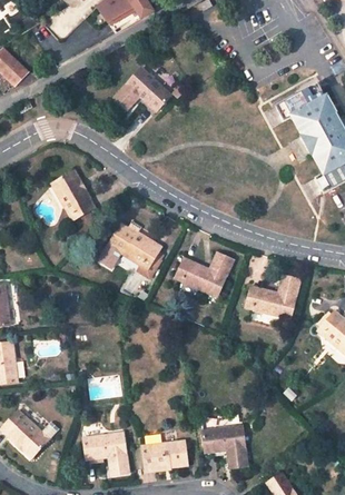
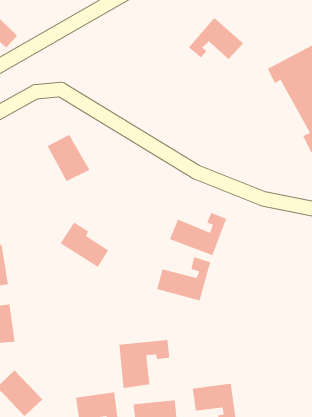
building: [114,66,170,109] -> [188,17,244,60]
building: [107,224,157,270] -> [60,221,109,268]
building: [244,276,299,321] -> [156,256,211,302]
building: none -> [119,339,170,389]

